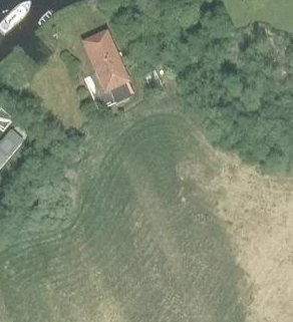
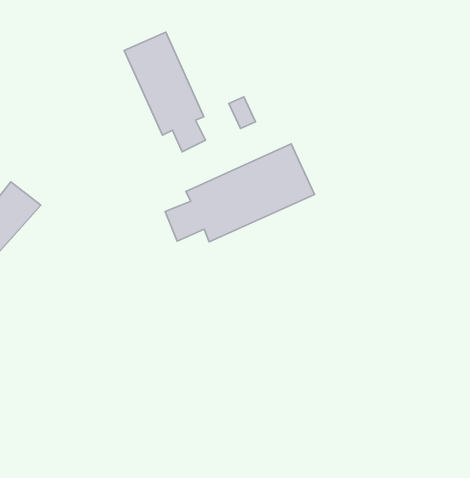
building: none -> [165,144,315,242]

